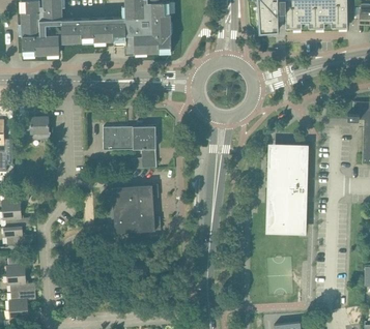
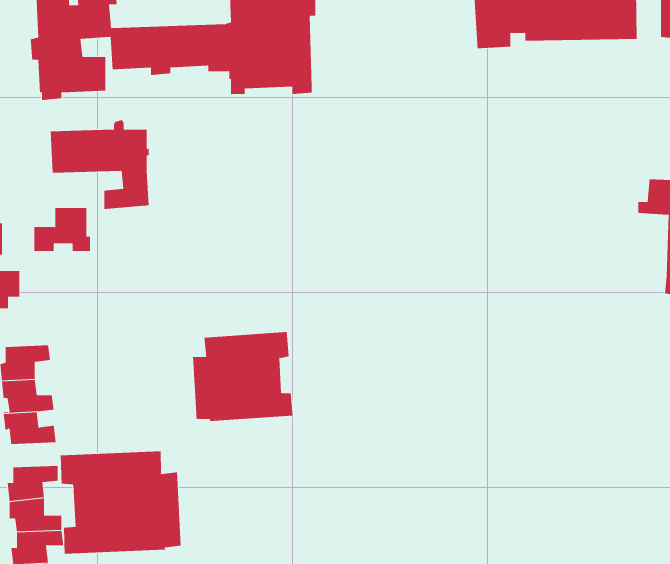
building: [103,120,156,169] -> [50,120,149,209]
building: [267,145,307,231] -> none
building: none -> [60,451,181,555]

